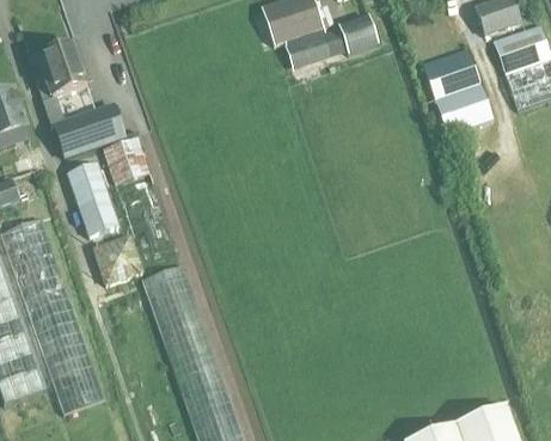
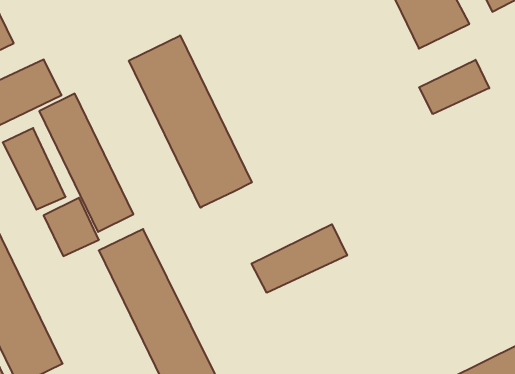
building: none -> [129,35,252,208]
building: none -> [419,60,489,114]
building: none -> [252,224,347,293]

